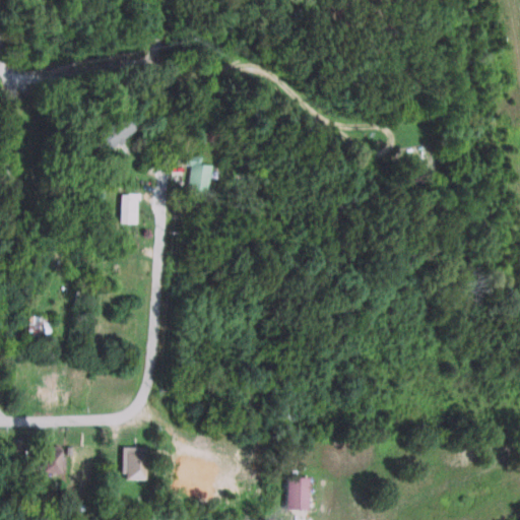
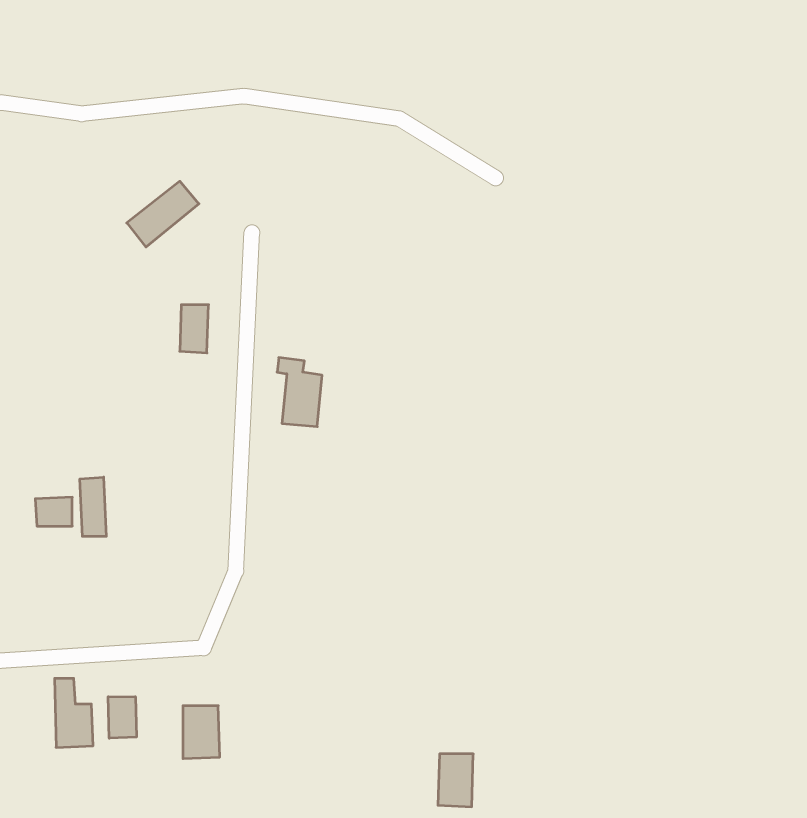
building: [184,155,212,199] -> [277,358,322,427]
building: none -> [80,477,106,536]
building: none -> [108,697,136,738]

